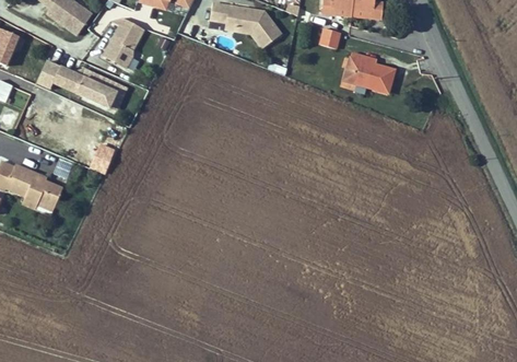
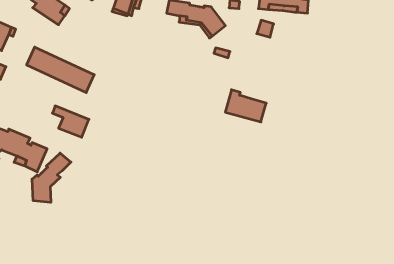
building: [99,15,145,72] -> none
building: [344,52,395,92] -> [225,90,266,122]
building: none -> [32,153,71,202]

